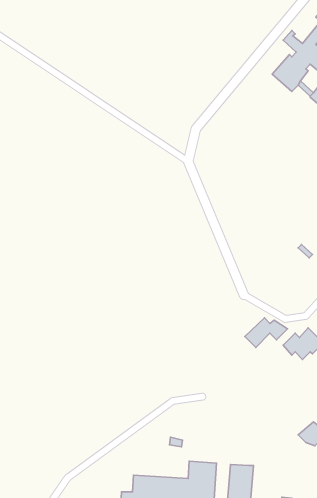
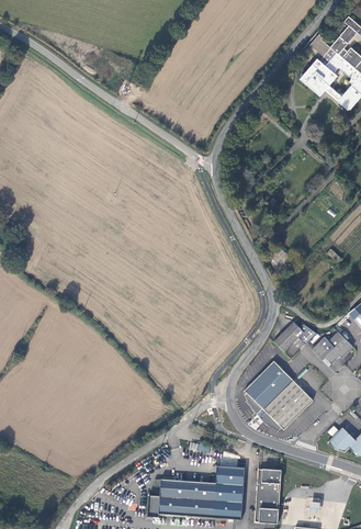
building: none -> [245,360,313,430]

